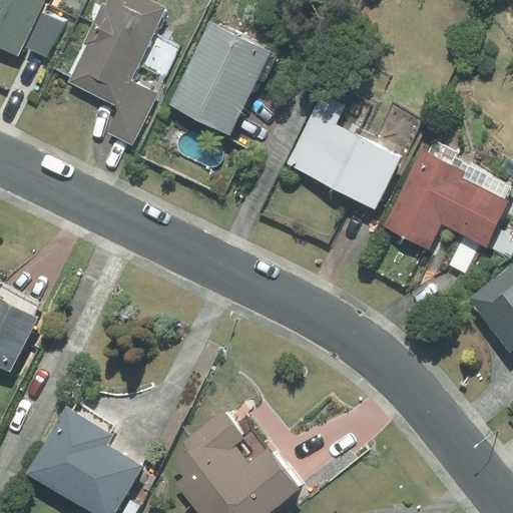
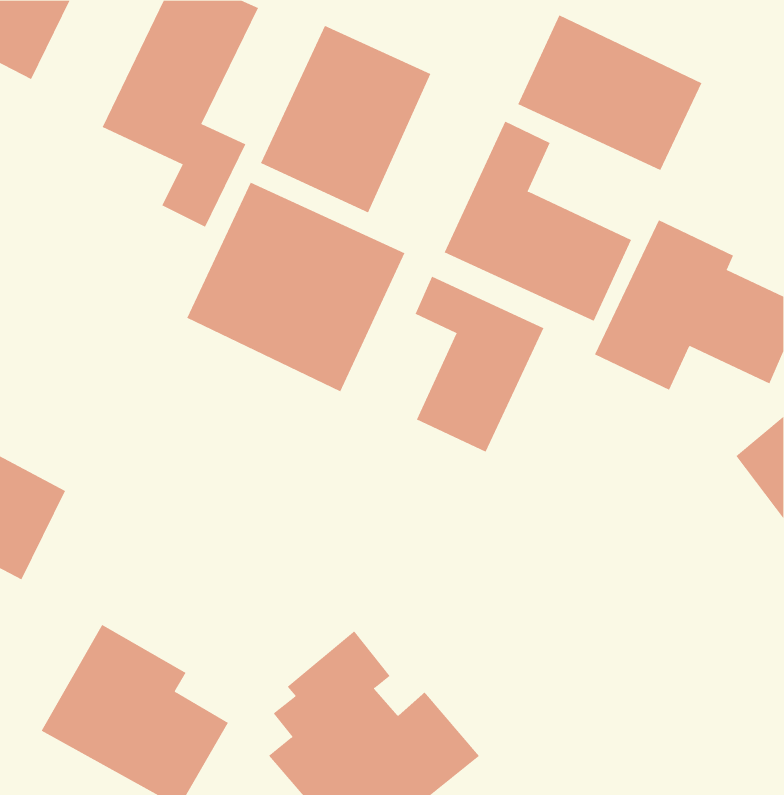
building: none -> [517,15,702,171]
building: none -> [186,182,405,392]
building: none -> [415,276,544,452]

